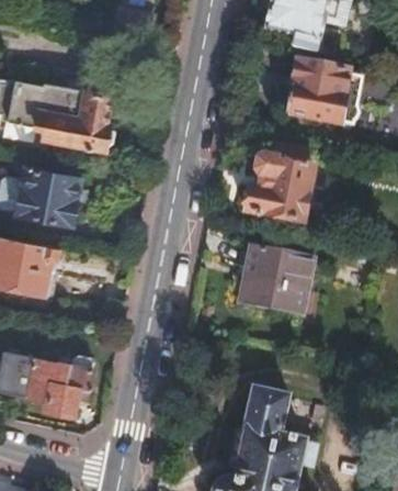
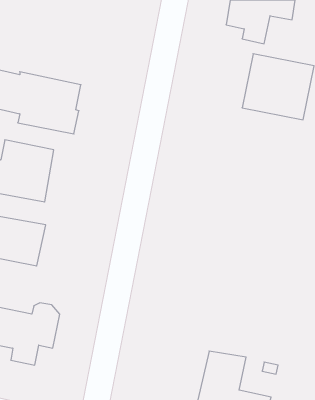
building: [245,145,317,226] -> none
building: [228,255,307,324] -> none

